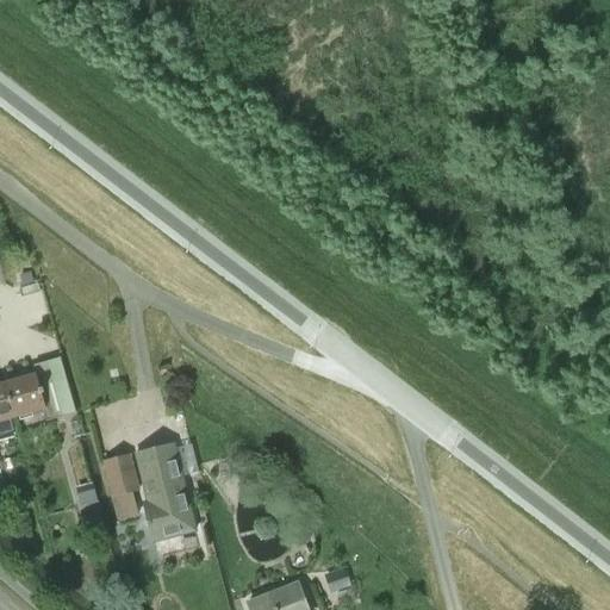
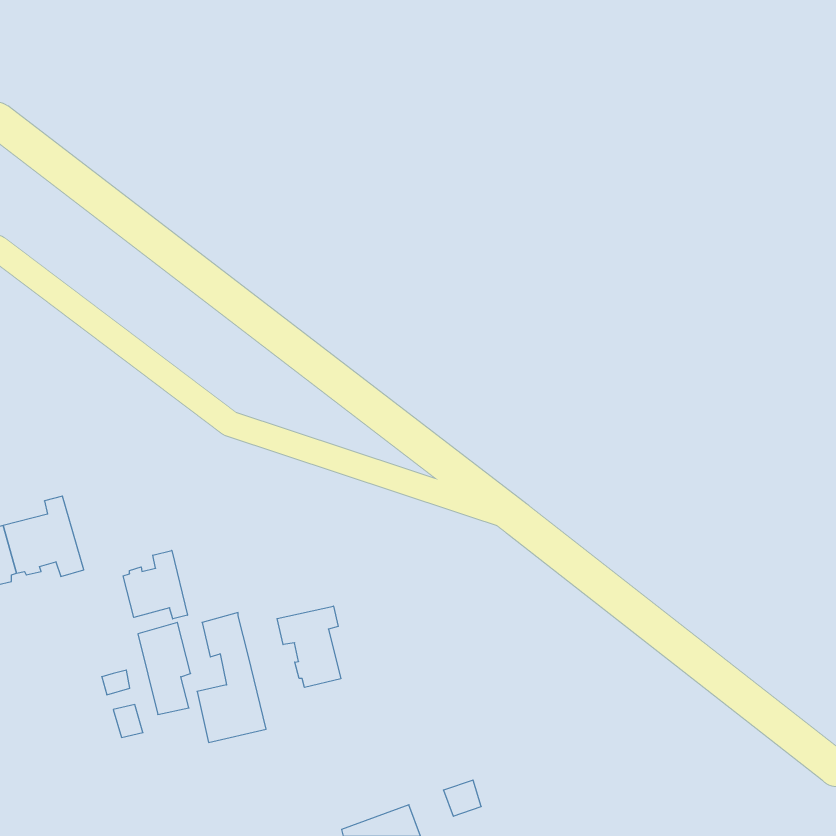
building: none -> [123,550,187,619]
building: none -> [277,606,341,687]

